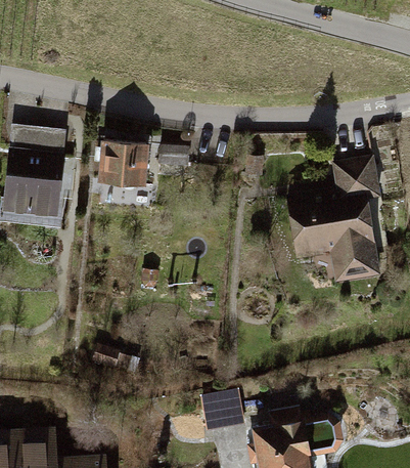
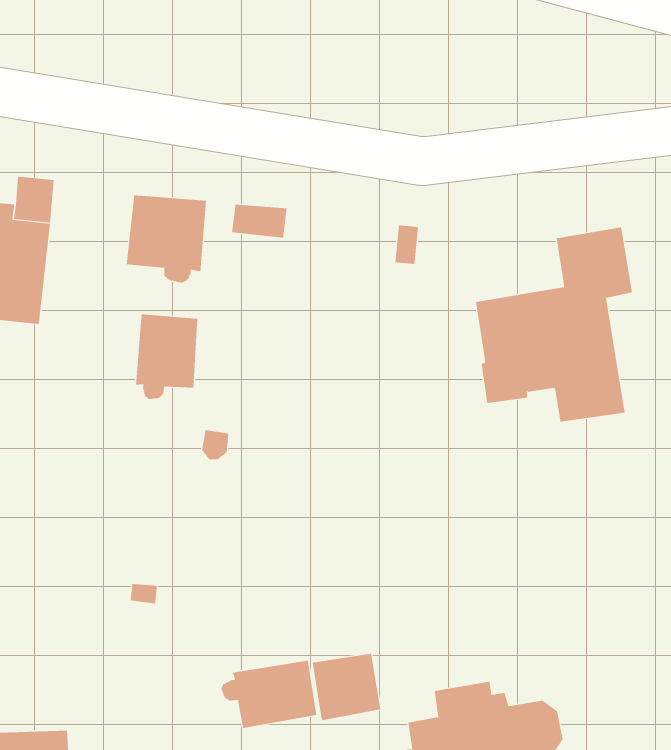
building: none -> [135,313,198,400]
building: none -> [221,660,317,729]

